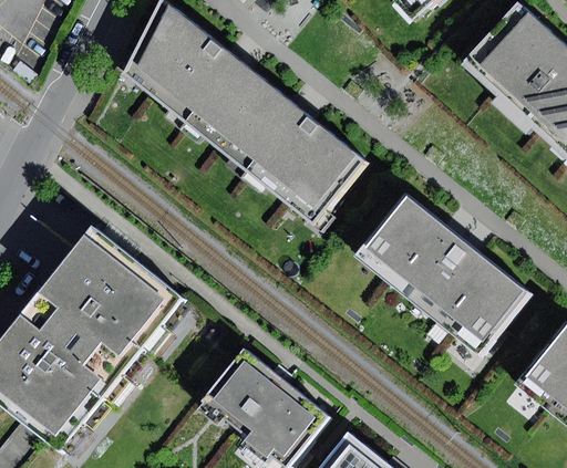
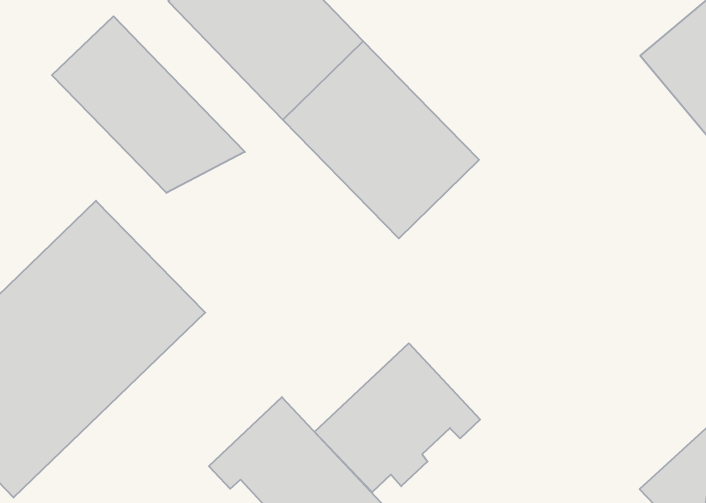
building: none -> [52,16,245,193]
building: [355,193,530,354] -> none
building: none -> [315,343,480,492]

